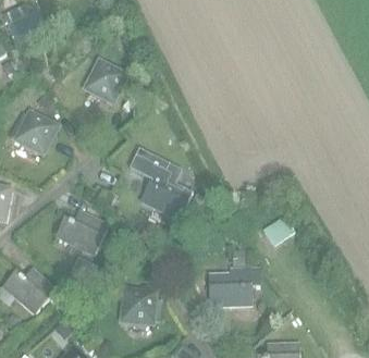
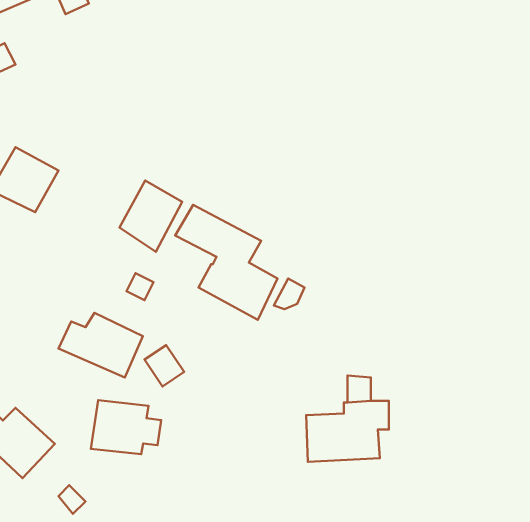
building: [85,62,126,103] -> none
building: none -> [119,180,182,252]
building: [121,291,163,323] -> [91,400,161,454]

